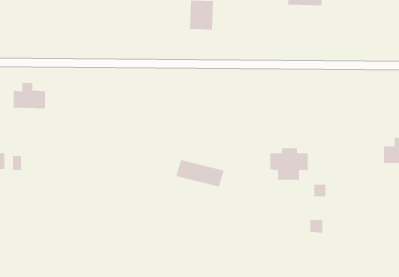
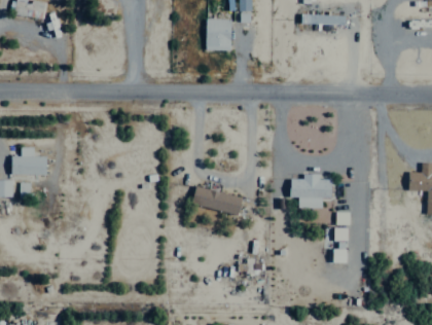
building: [13,82,46,109] -> [12,147,47,175]

